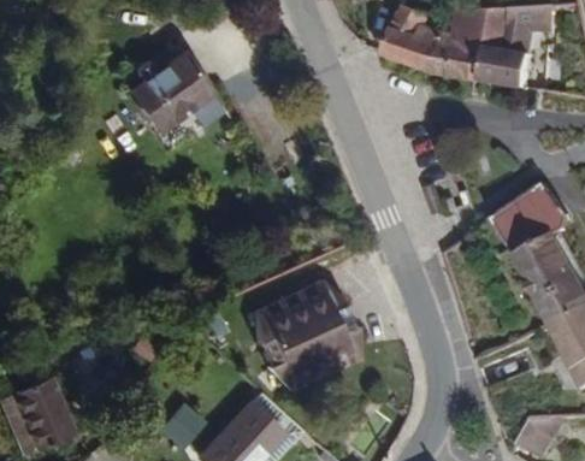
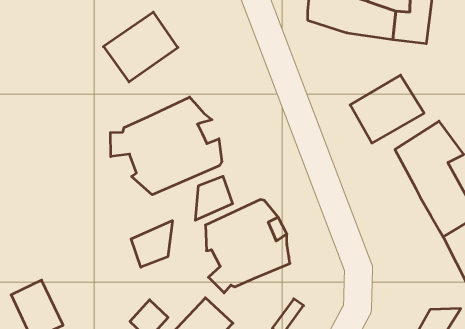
building: none -> [350,75,424,143]
building: none -> [110,97,222,195]
building: none -> [195,176,233,220]
building: none -> [131,221,172,267]

